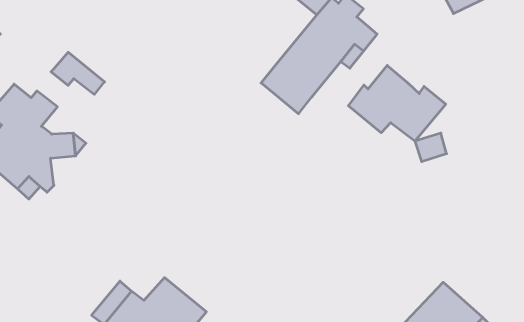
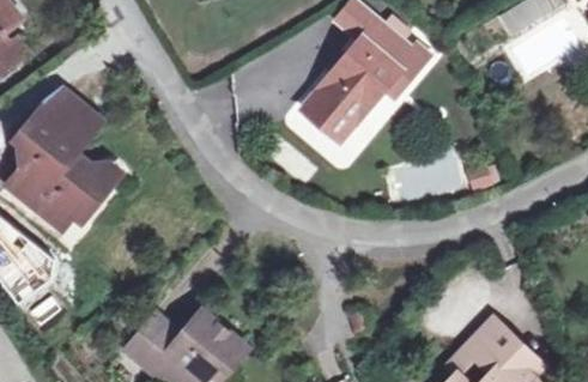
building: [51,52,105,94] -> [43,87,99,132]
building: [348,65,446,141] -> none

